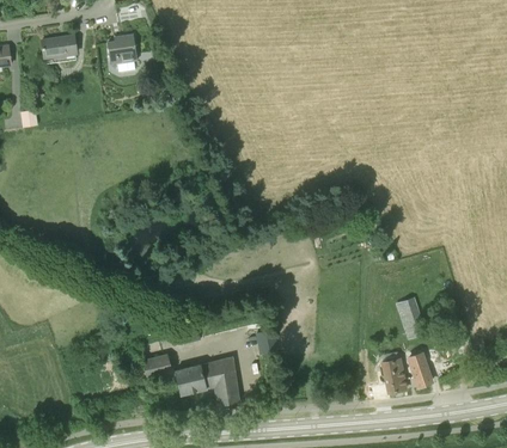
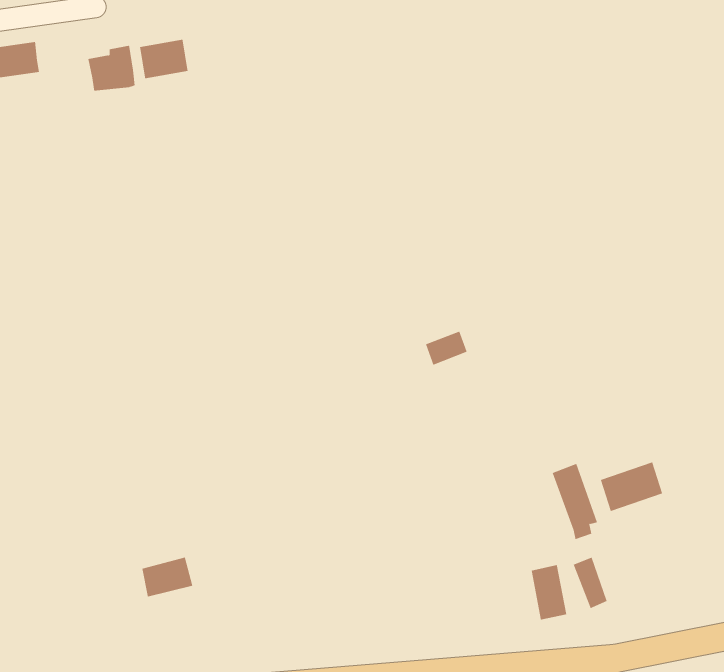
building: none -> [140,39,188,79]
building: none -> [600,462,663,512]
building: [175,356,239,406] -> none

